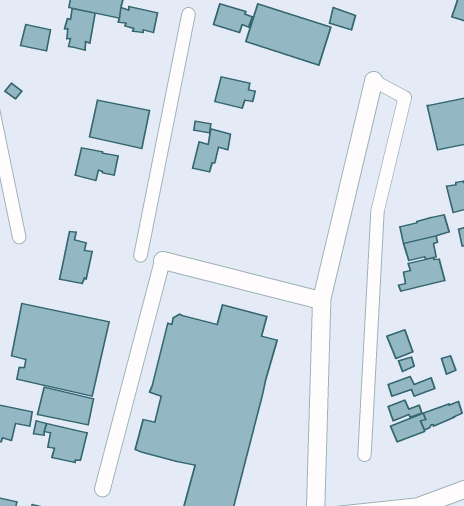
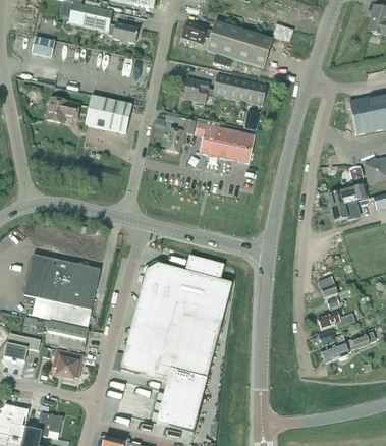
building: [65,8,95,50] -> none
building: none -> [213,73,267,105]
building: none -> [195,117,255,163]
building: [75,148,118,180] -> [46,98,79,123]
building: [60,232,92,284] -> none
building: [398,257,445,291] -> none

